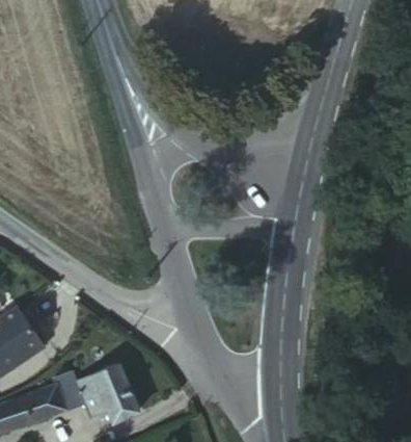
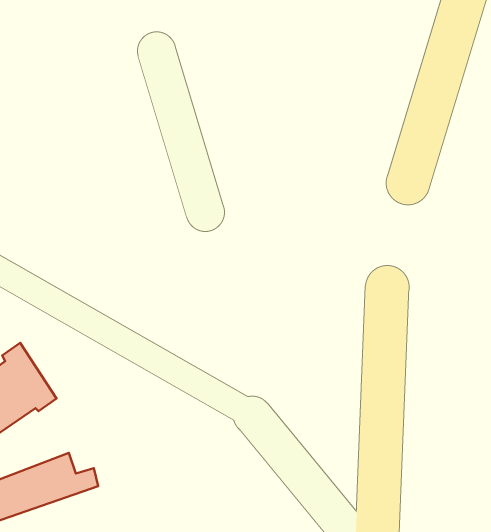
building: [80,349,146,411] -> none

